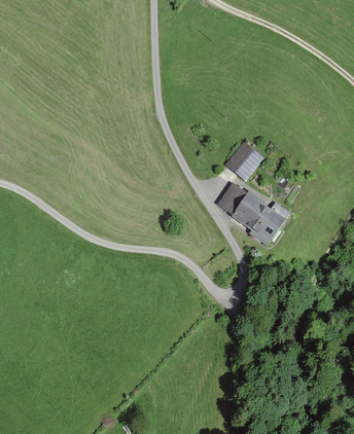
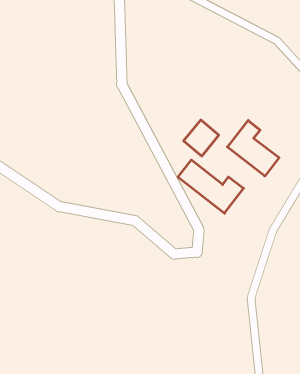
building: none -> [227,120,279,176]

